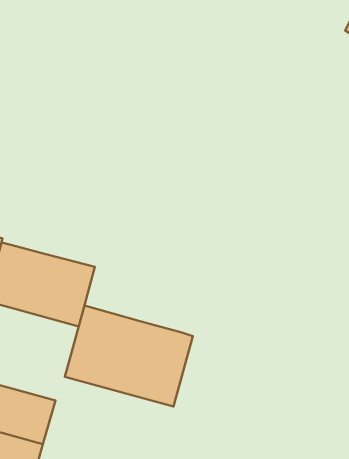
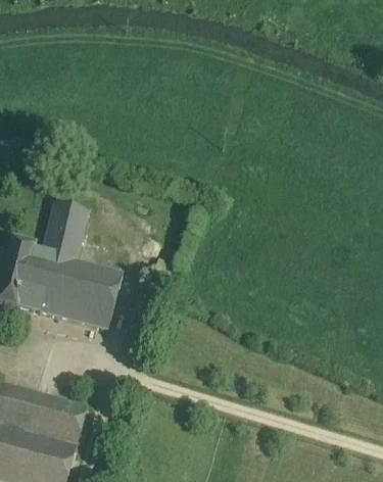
building: none -> [44,204,91,262]
building: [65,305,193,406] -> none

